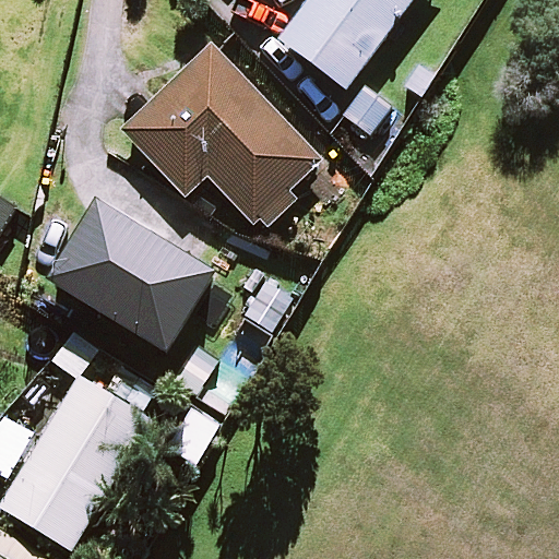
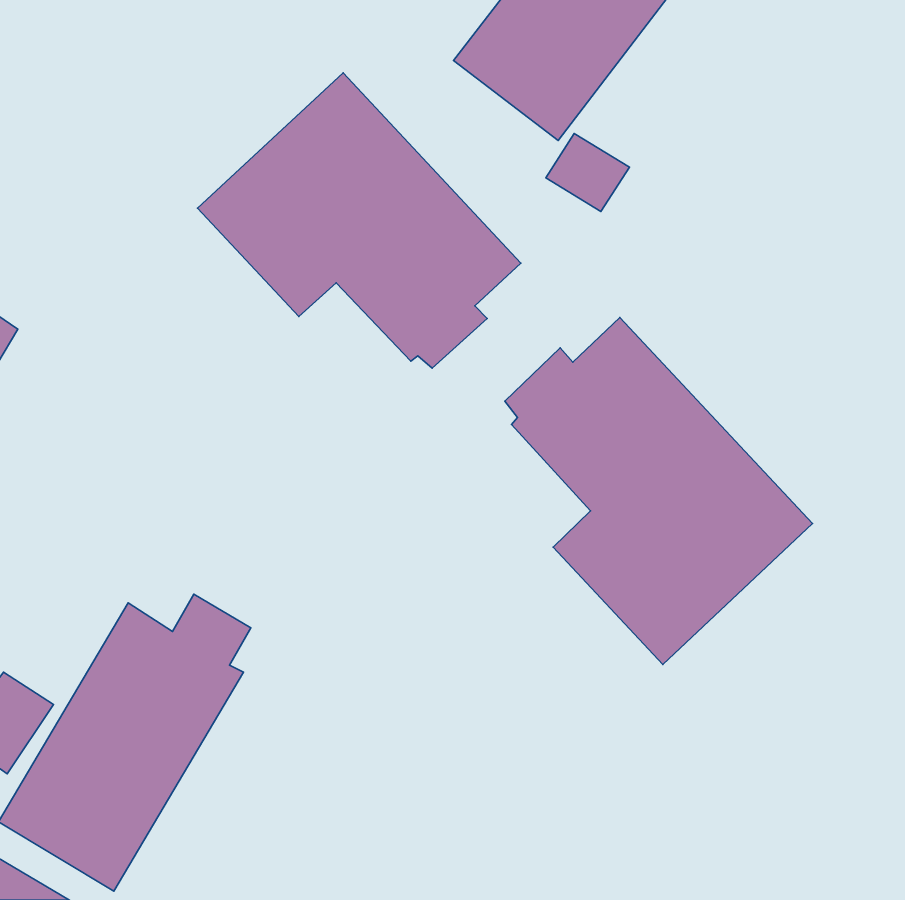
building: none -> [505,317,812,665]
building: [46,198,233,350] -> none

